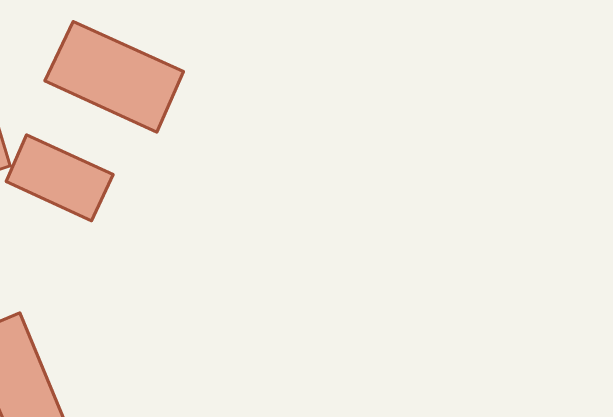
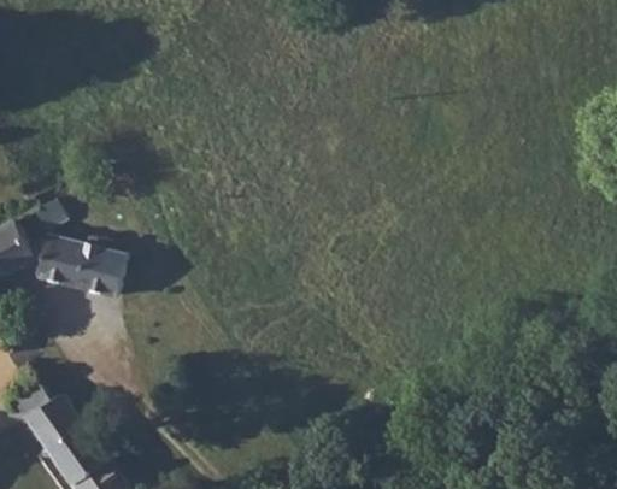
building: [45,22,184,132] -> none

